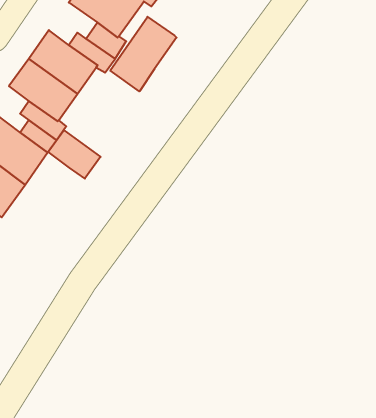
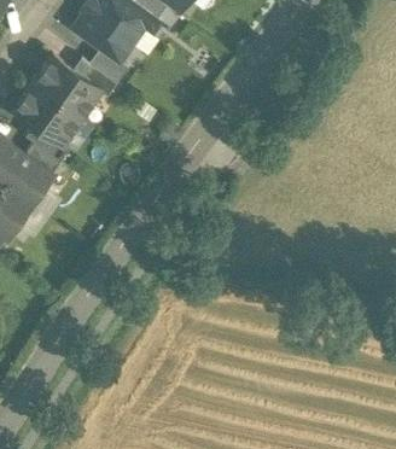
building: [110,17,177,91] -> none
building: [48,130,101,179] -> none

